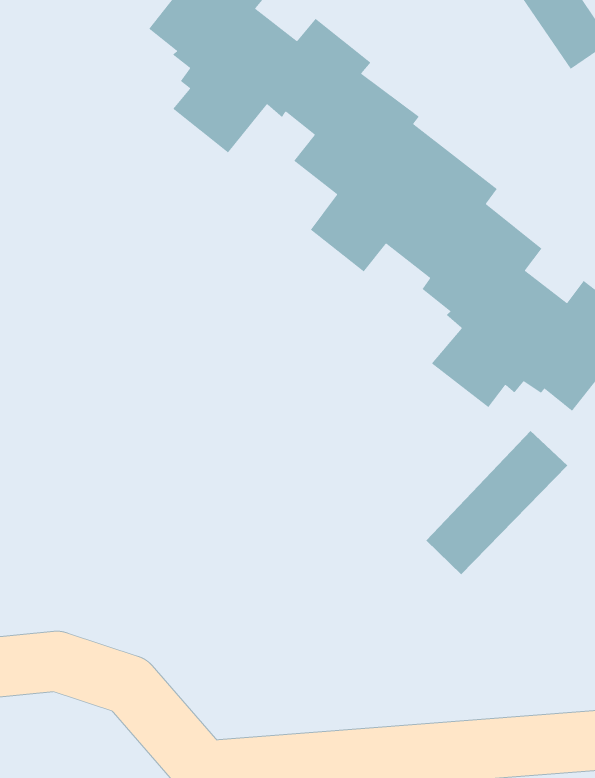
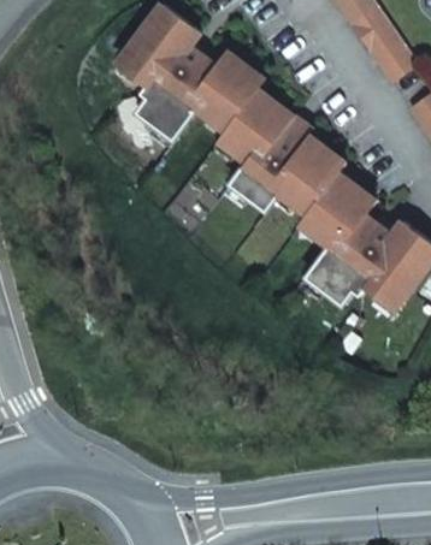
building: [425,430,568,575] -> none

